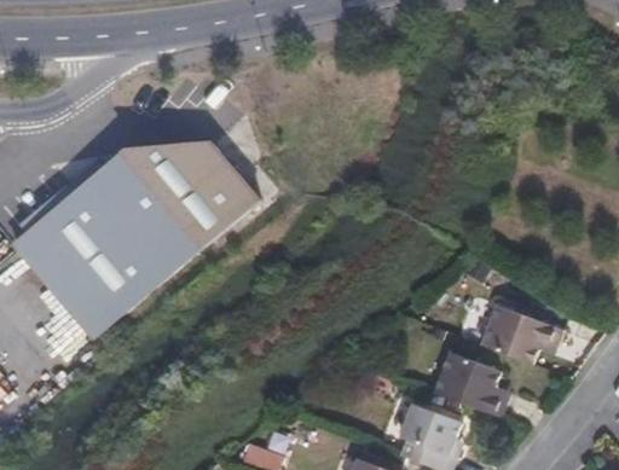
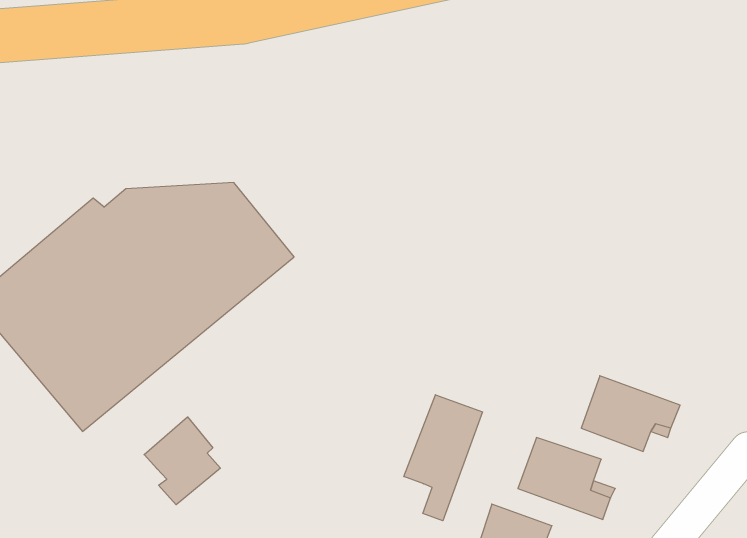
building: none -> [404,395,482,521]
building: none -> [144,417,220,505]

